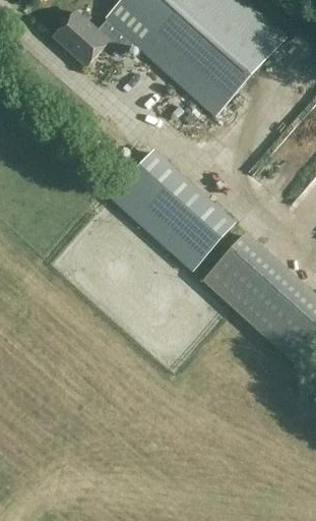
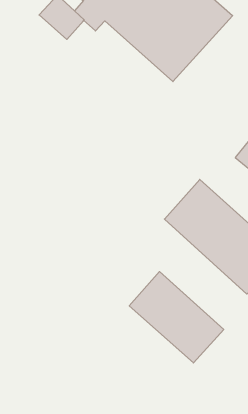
building: [110,149,236,272] -> none
building: none -> [129,272,224,363]

